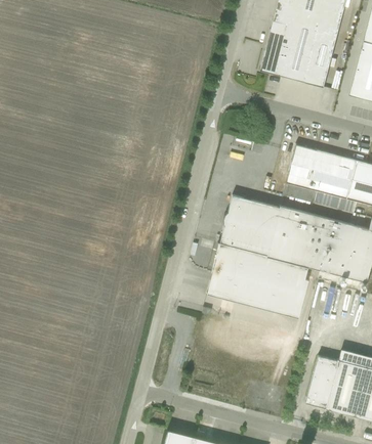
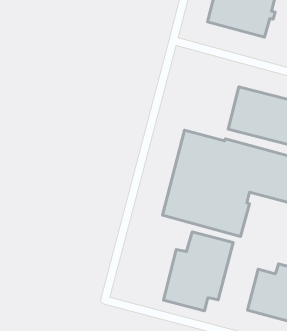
building: none -> [164,232,233,311]

